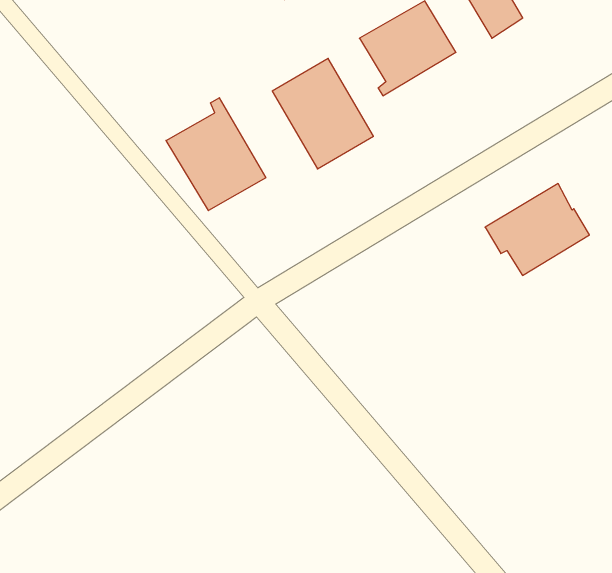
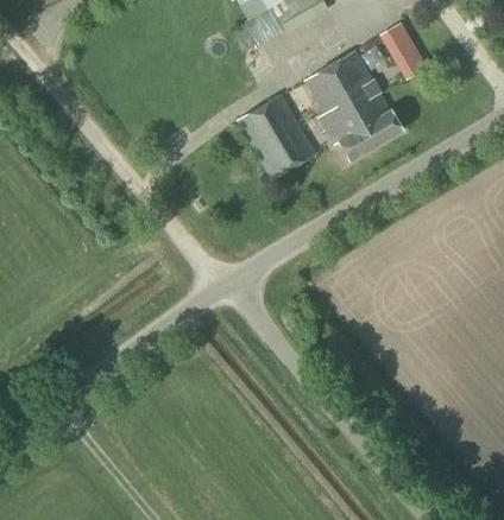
building: [166,98,266,211] -> none
building: [485,184,589,275] -> [322,89,402,159]

